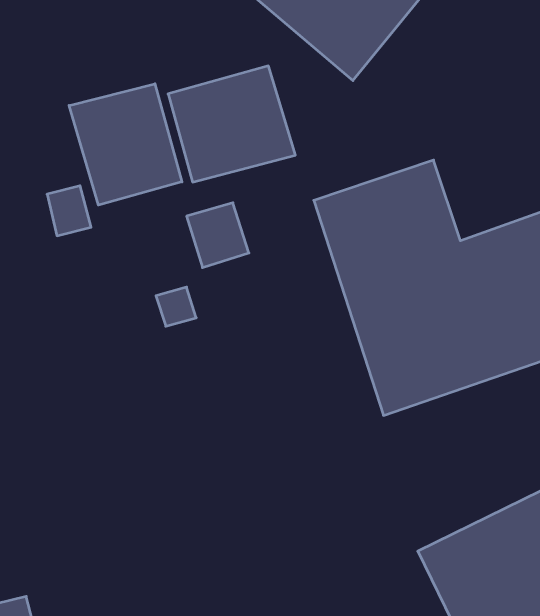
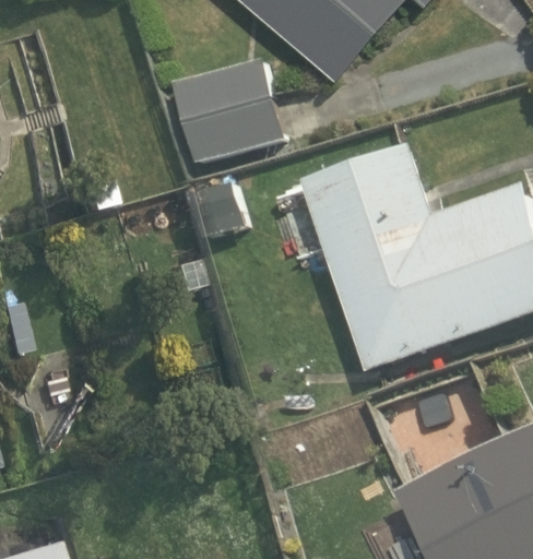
building: [69,84,182,205] -> none

